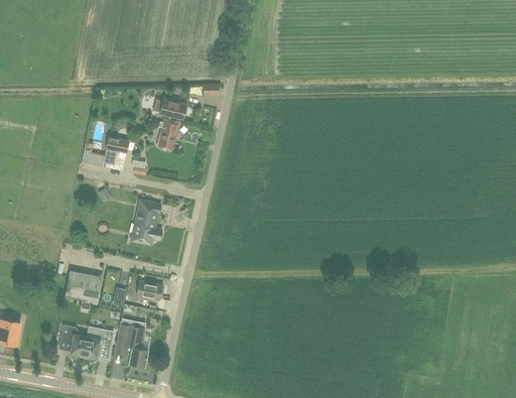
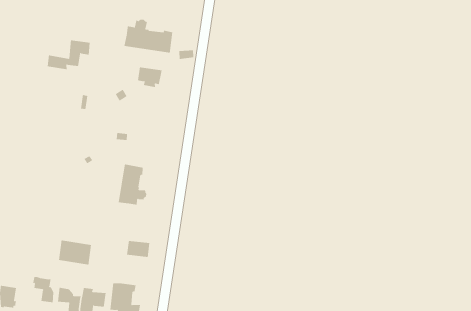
building: none -> [124,19,173,53]
building: [157,117,179,148] -> none
building: [82,135,129,166] -> [47,40,91,70]
building: none -> [33,276,54,303]

